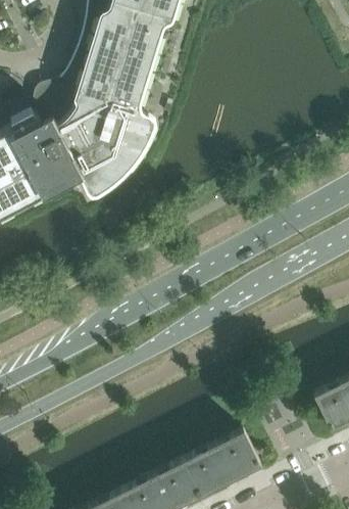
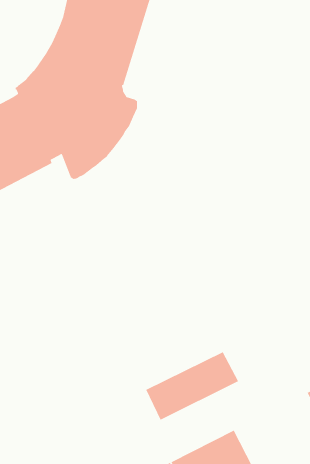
building: none -> [145,351,239,421]

